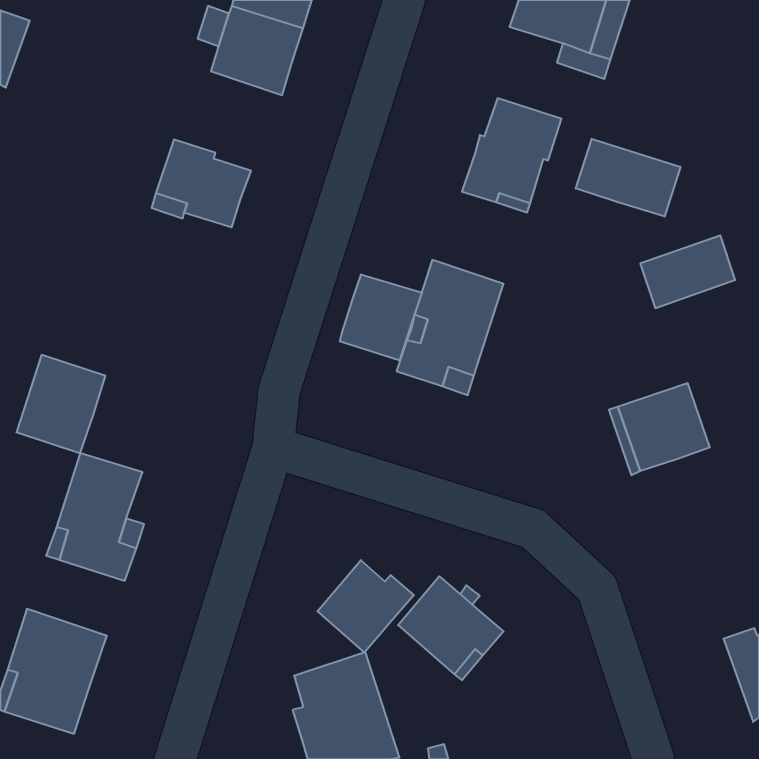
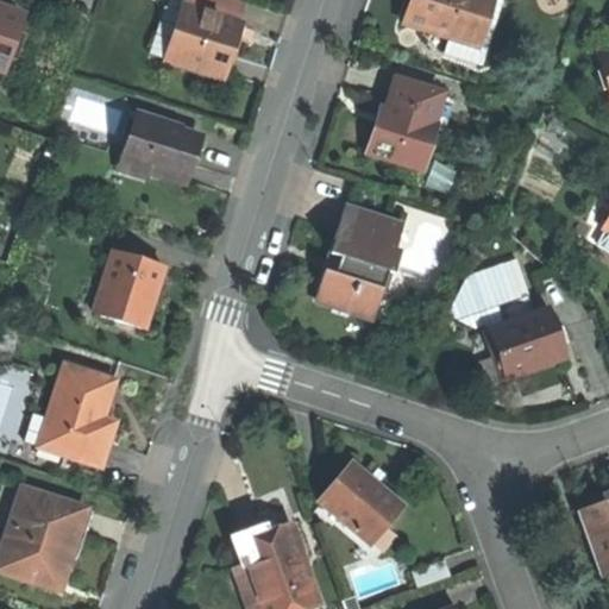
building: [576,139,680,217] -> none
building: [640,235,735,308] -> [454,256,530,314]
building: [340,274,422,361] -> none
building: [16,355,105,453] -> [94,249,165,327]
building: [317,560,414,652] -> none

